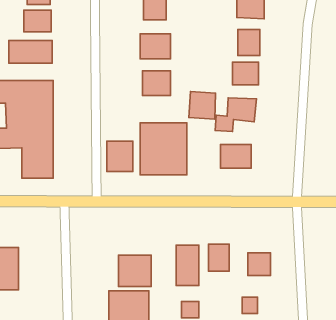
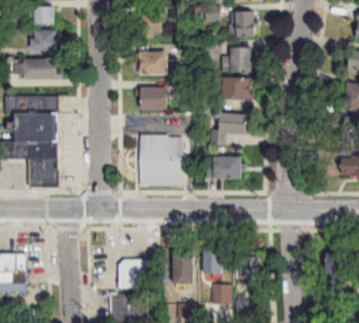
building: [189,91,215,119] -> none
building: [107,141,133,171] -> none
building: none -> [211,284,231,304]

